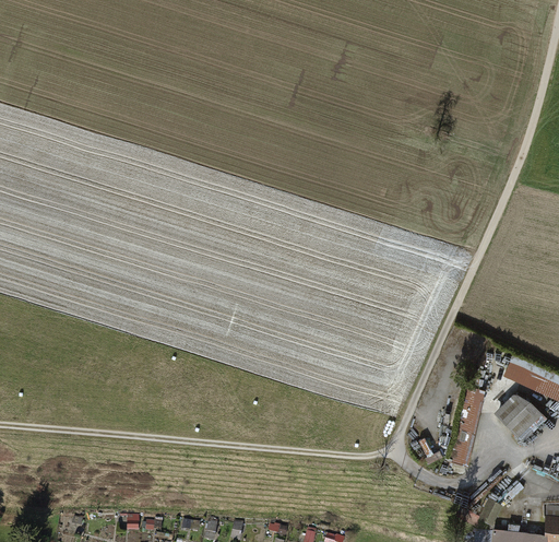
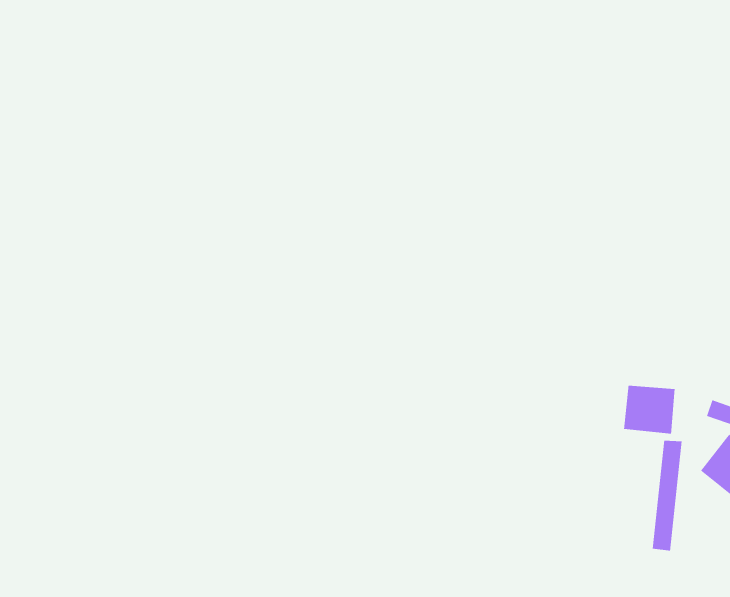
building: none -> [624,385,675,434]

